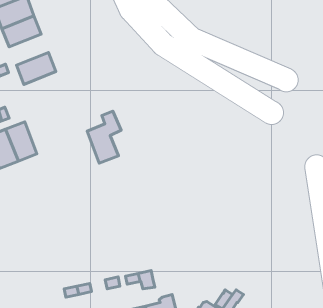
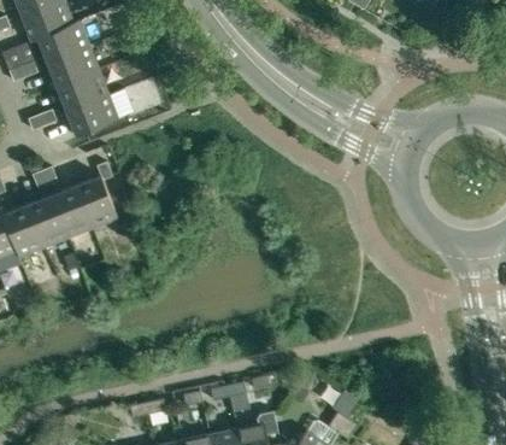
building: none -> [55,70,107,111]
building: [87,111,121,163] -> [76,159,120,228]

